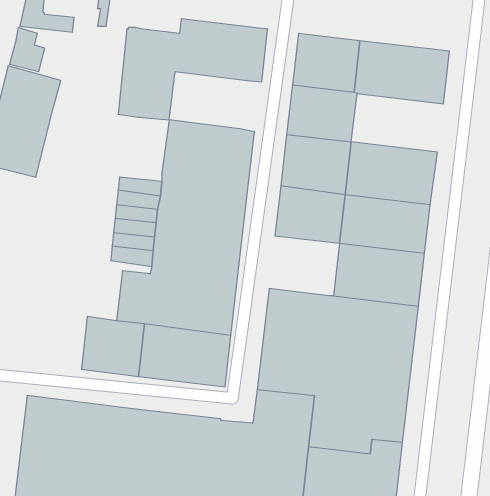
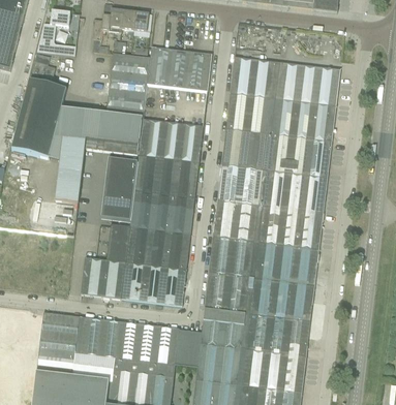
building: none -> [272,98,337,139]
building: none -> [50,107,144,201]
building: none -> [214,198,264,241]

